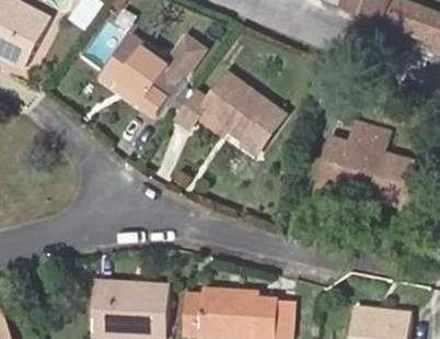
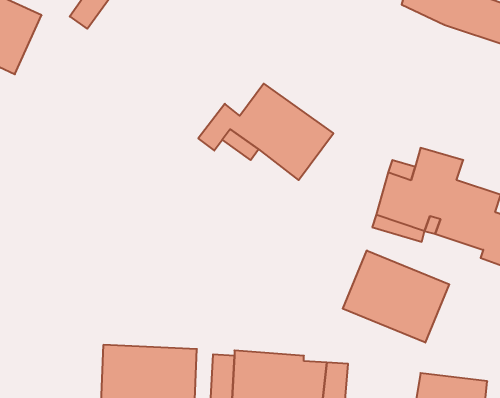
building: [99,31,207,114] -> none
building: none -> [343,250,449,343]

